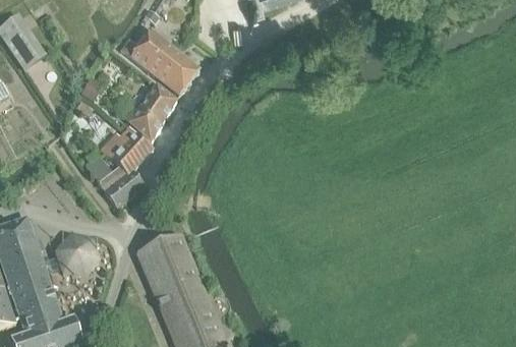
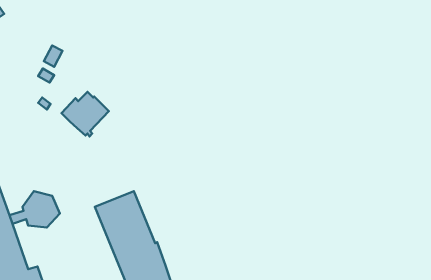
building: [121,34,199,97] -> none
building: [126,86,177,143] -> none
building: [85,150,146,210] -> none

